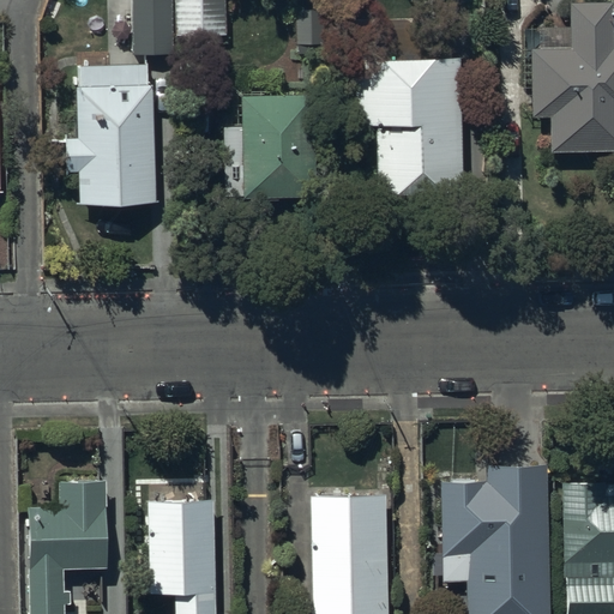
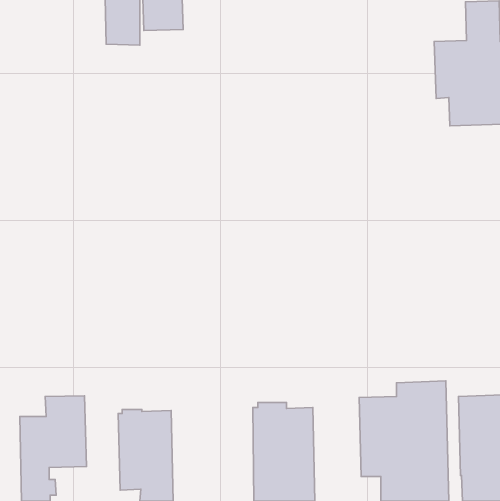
building: [355,60,462,197] -> none
building: [65,62,156,204] -> none
building: [224,91,317,203] -> none

